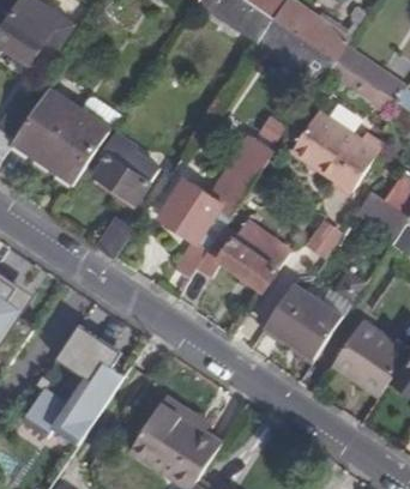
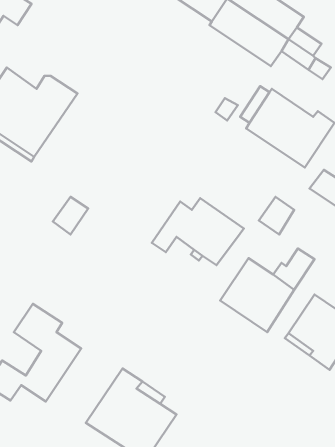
building: [95,132,158,203] -> none
building: [158,137,273,278] -> none

